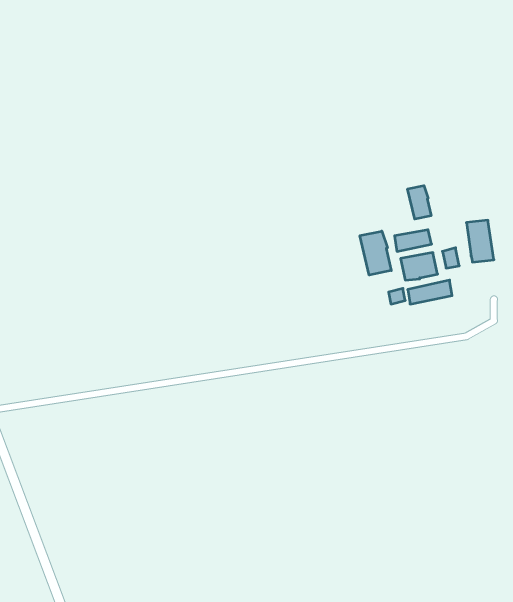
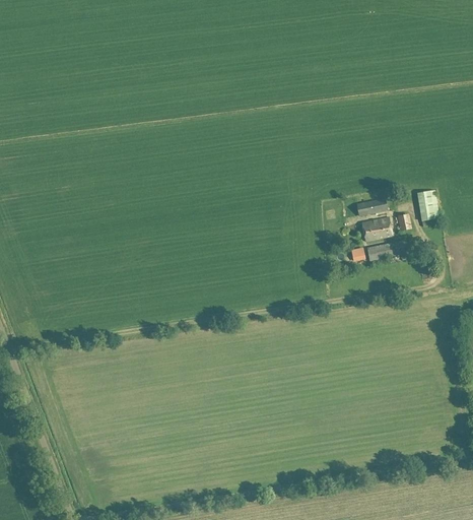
building: [408,186,431,219] -> none
building: [360,231,391,275] -> none

